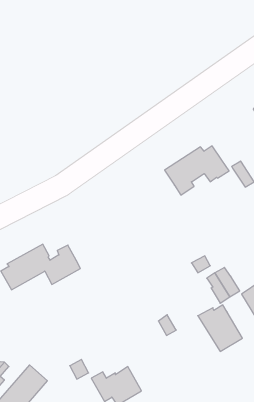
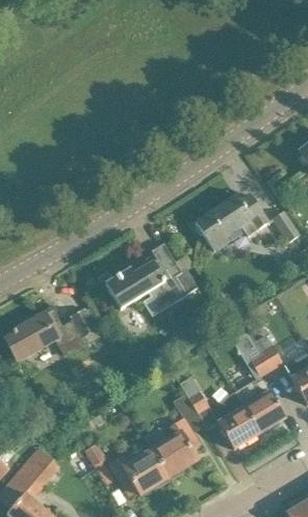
building: none -> [104,243,197,314]
building: none -> [210,391,259,448]
building: none -> [144,419,200,479]

